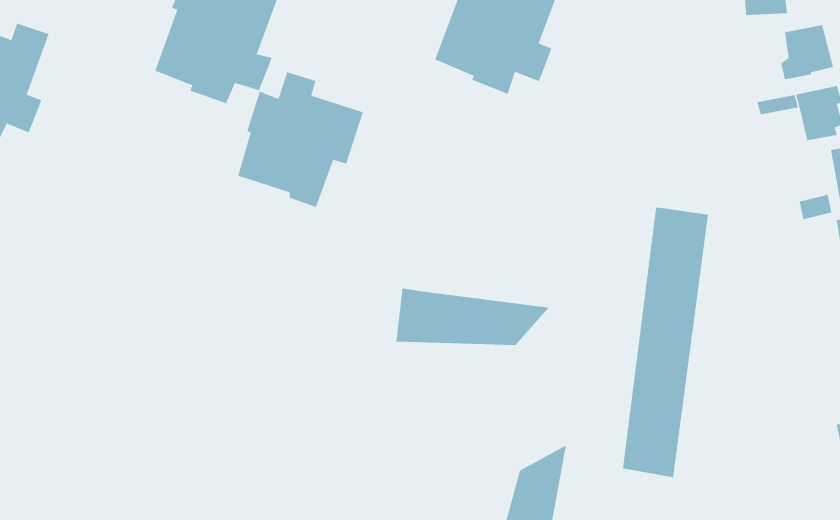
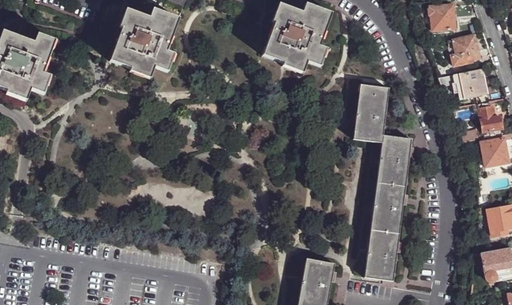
building: [237,72,364,208] -> none
building: none -> [353,84,388,142]
building: [396,287,550,346] -> none

